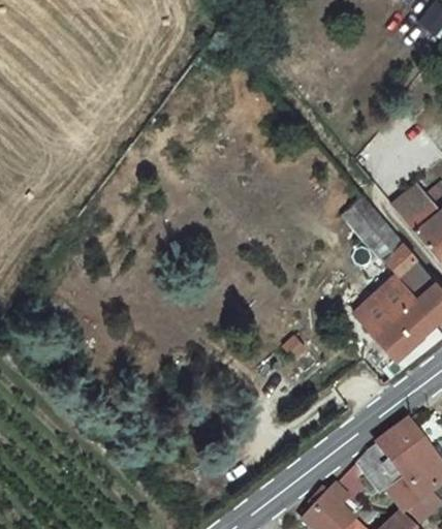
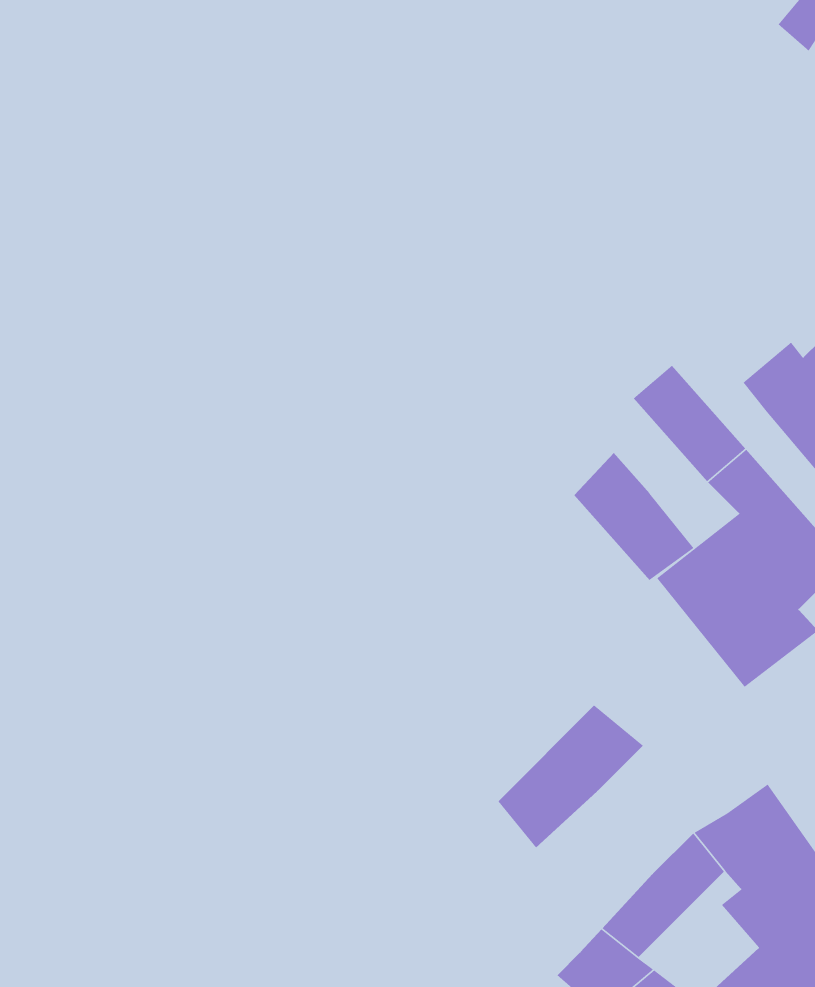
building: none -> [573,452,694,581]
building: none -> [497,705,644,849]

